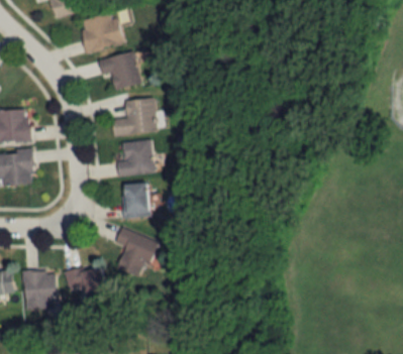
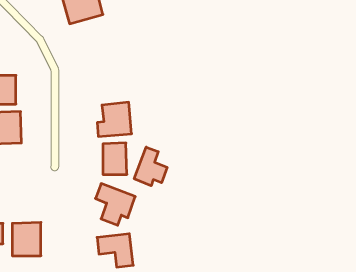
building: [98,51,141,90] -> none
building: [112,98,156,136] -> none
building: none -> [134,147,167,186]
building: [66,266,105,303] -> [97,234,133,267]

